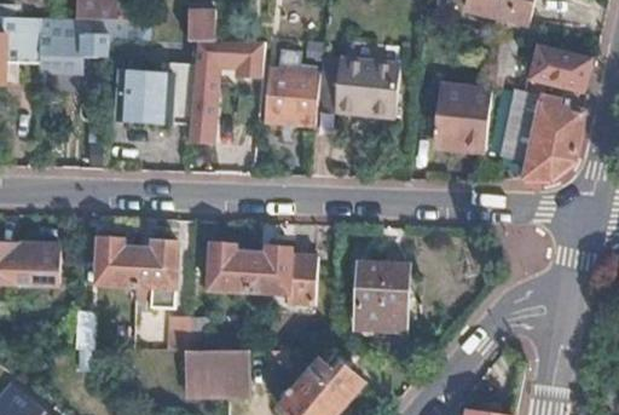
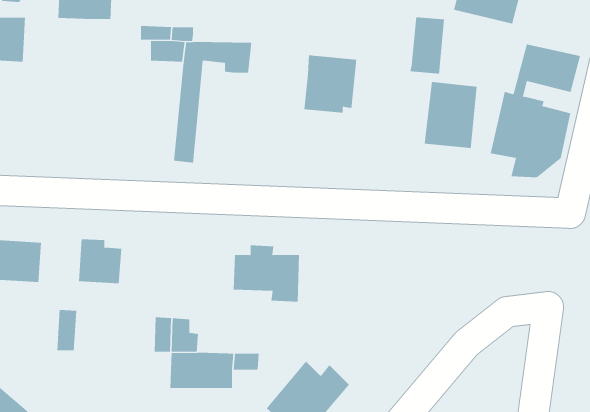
building: [39,18,108,70] -> none
building: [120,54,191,122] -> none
building: [364,60,399,117] -> [410,17,445,74]
building: [265,69,320,125] -> none
building: [134,241,173,307] -> none
building: [206,243,248,289] -> none
building: [355,266,406,330] -> none

